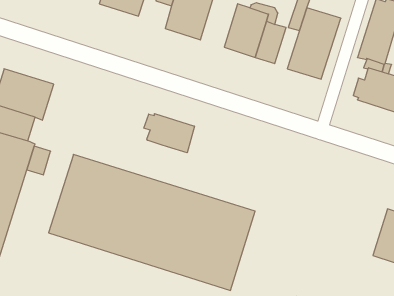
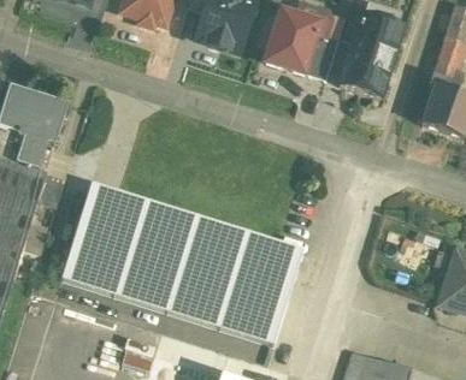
building: [144,114,194,153] -> none

